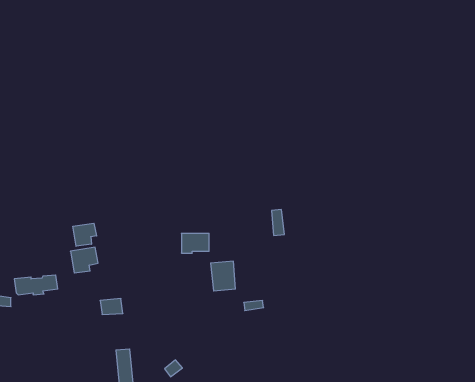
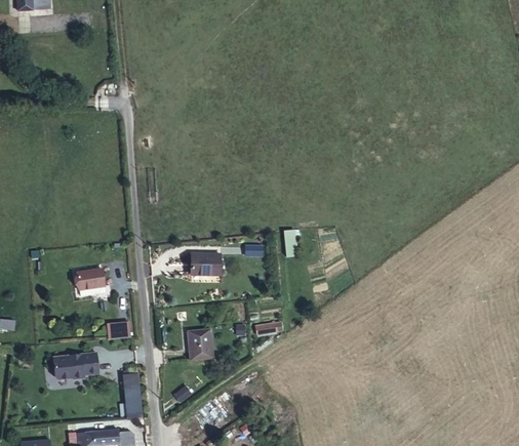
building: [73,223,97,246] -> none
building: [211,261,235,291] -> [187,328,212,359]
building: [14,275,58,295] -> [53,353,98,373]

